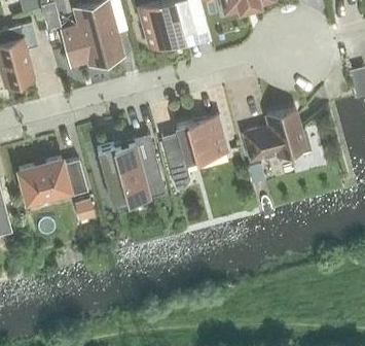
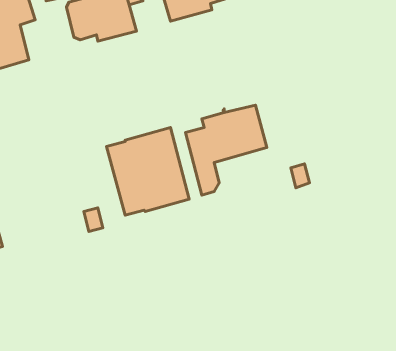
building: [243,109,311,162] -> none
building: [19,159,86,202] -> none

